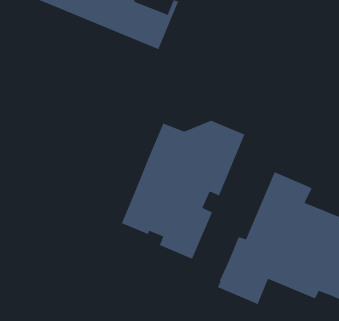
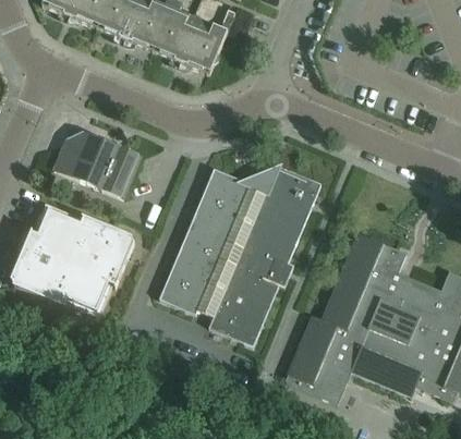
building: none -> [53,132,142,199]
building: none -> [11,204,135,318]

